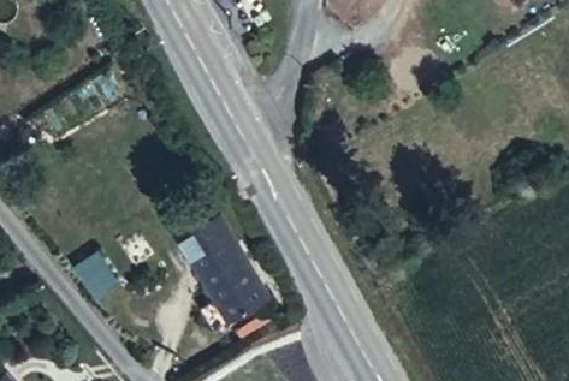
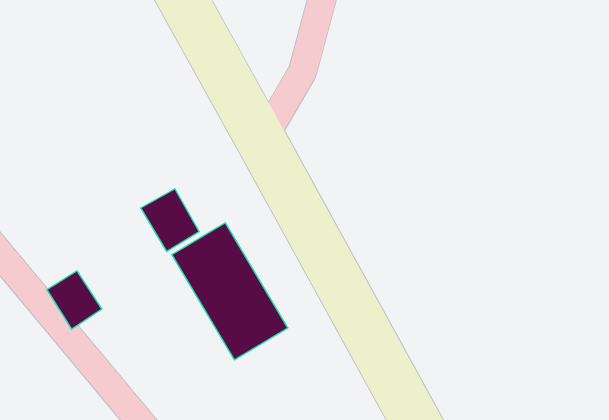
building: none -> [141,189,199,252]

